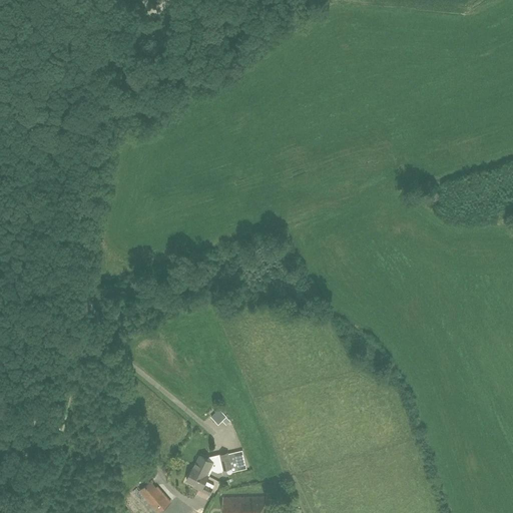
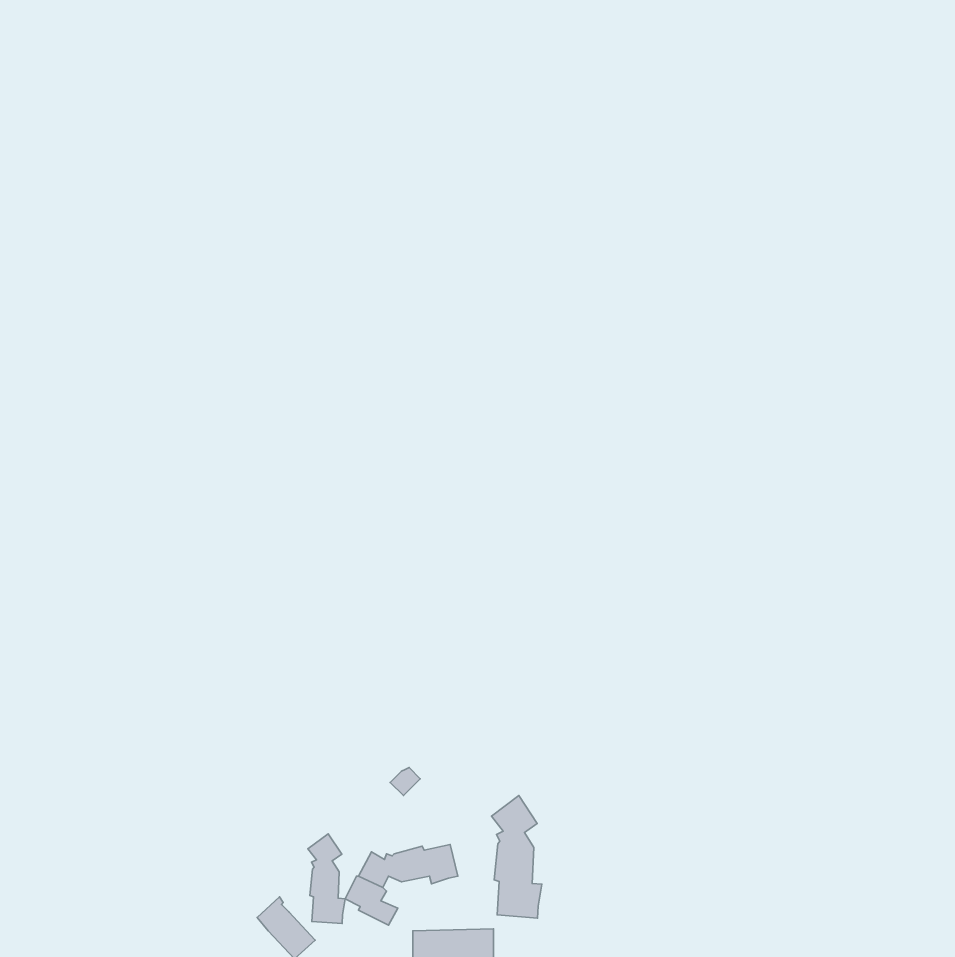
building: none -> [491,795,542,918]
building: none -> [308,834,345,924]

